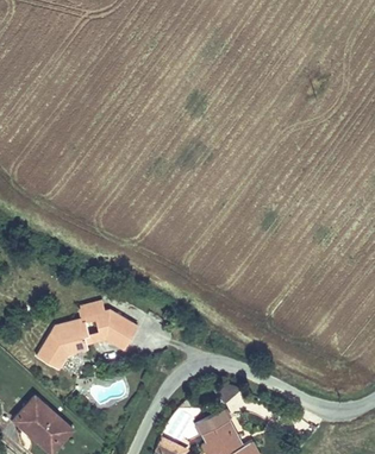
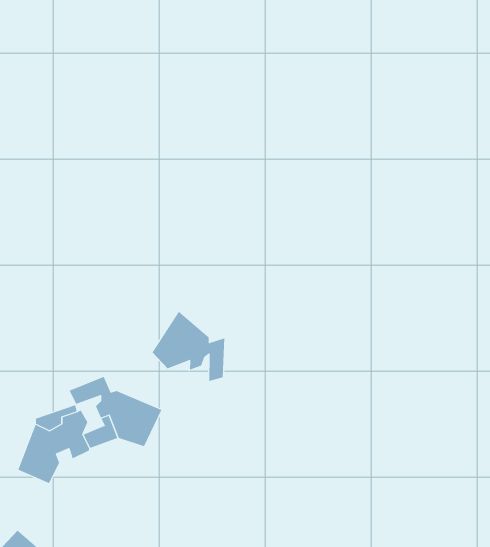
building: none -> [152,311,225,382]

